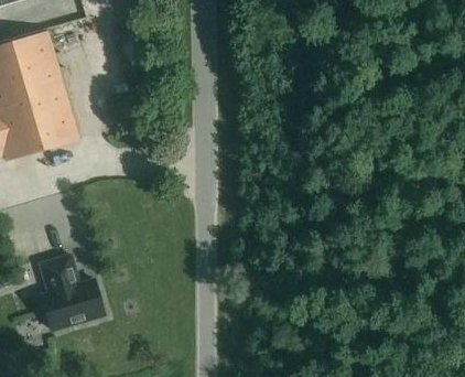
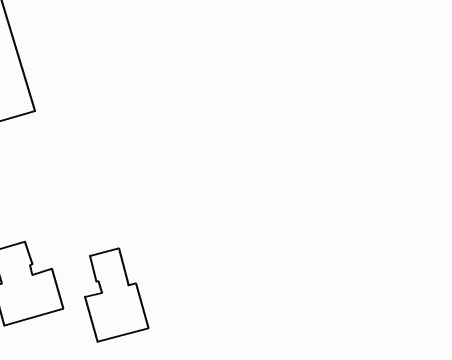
building: none -> [85,248,148,342]

